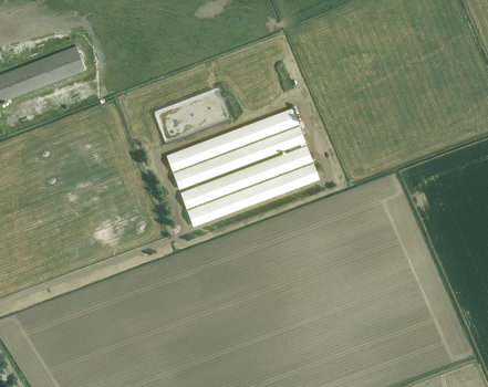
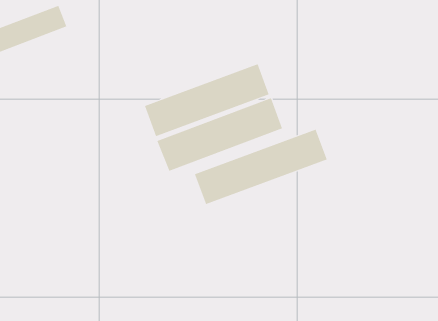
building: none -> [194,129,327,205]

